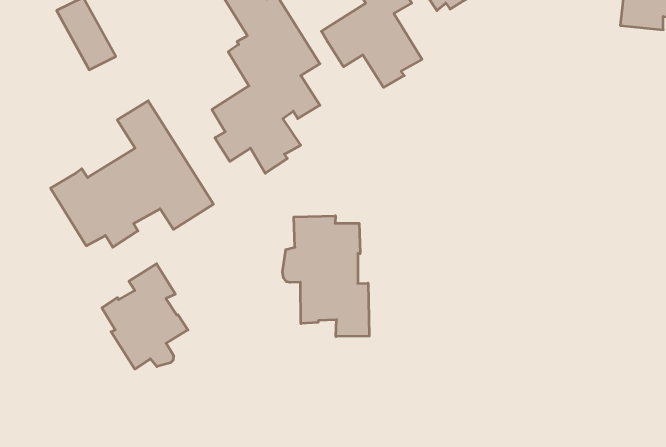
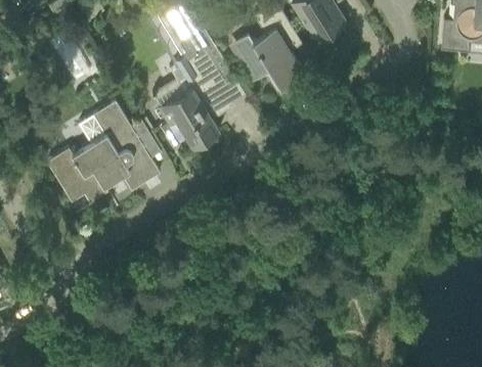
building: [282,216,369,337] -> none
building: [102,264,188,369] -> none

